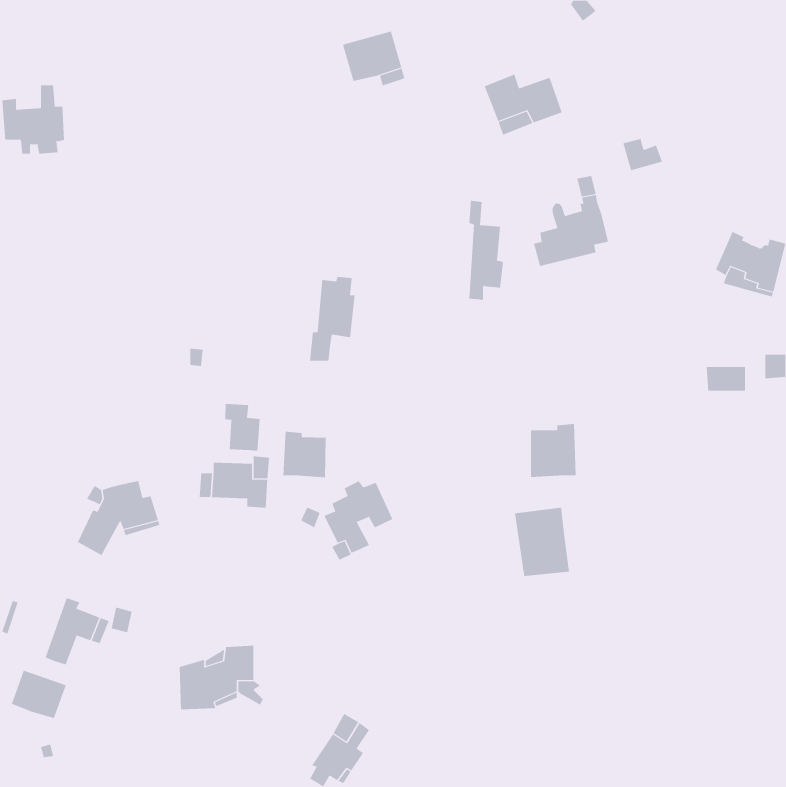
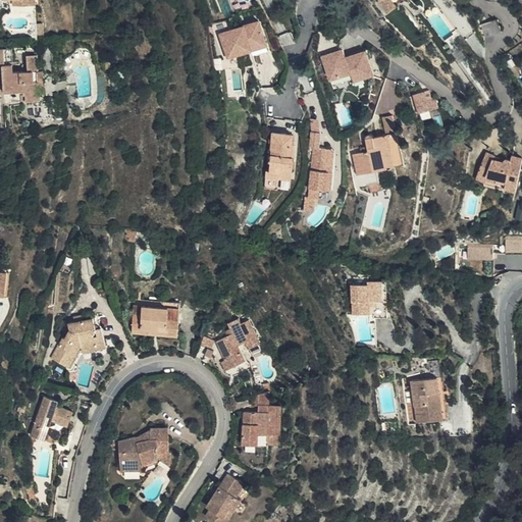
building: [309,276,355,361] -> [263,134,294,190]
building: [225,403,260,452] -> none
building: [283,431,326,478] -> none
building: [514,507,570,576] -> [410,377,447,423]
building: none -> [244,389,280,446]
building: [11,670,66,719] -> none

